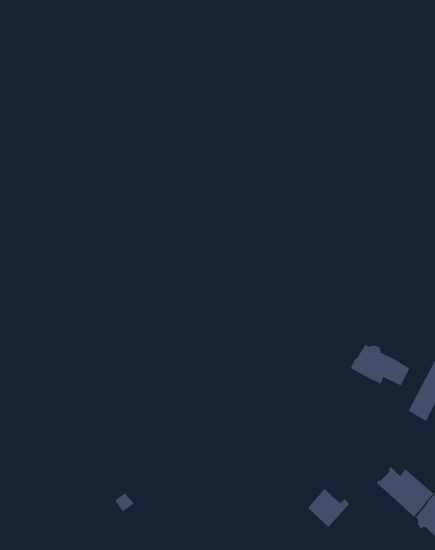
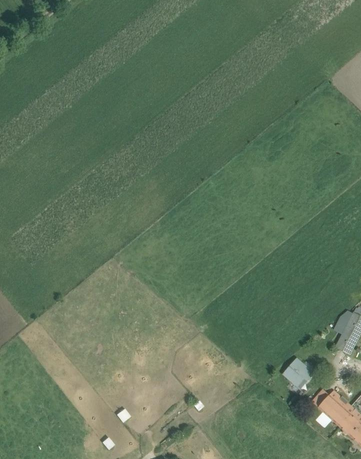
building: [350,344,410,386] -> none
building: [307,488,350,528] -> [282,359,314,389]

